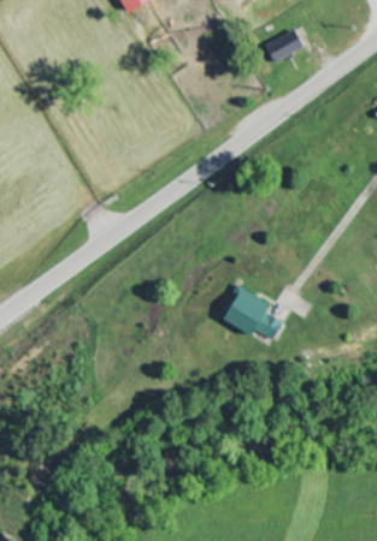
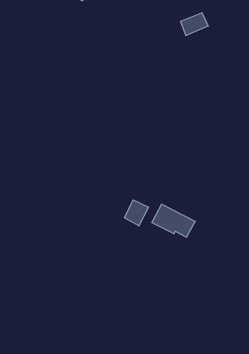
building: none -> [125,200,149,226]

